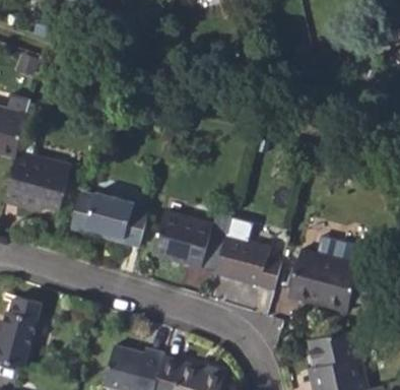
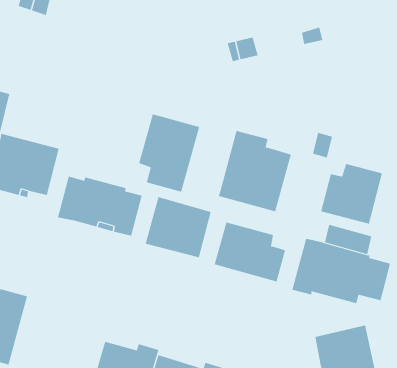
building: none -> [138,113,200,193]
building: none -> [218,130,291,212]
building: none -> [321,163,382,225]

